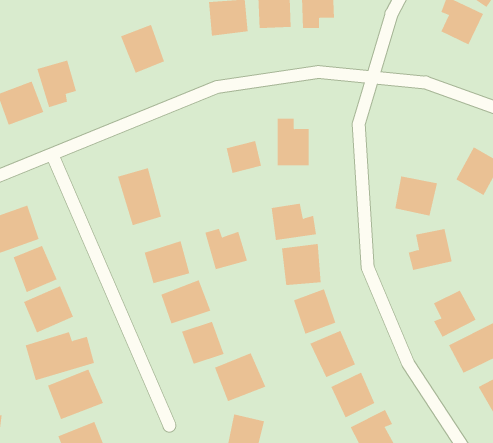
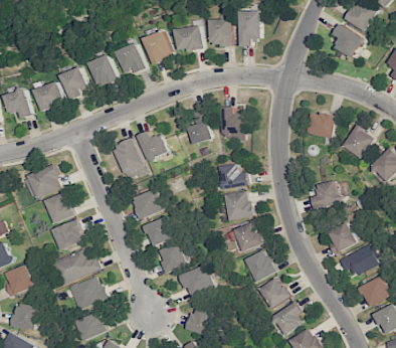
building: none -> [144,31,174,64]
building: none -> [87,54,119,88]
building: [395,176,438,216] -> [308,112,337,139]
building: [205,228,248,270] -> [139,132,168,160]

